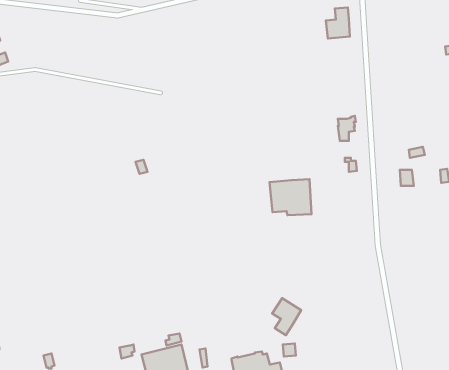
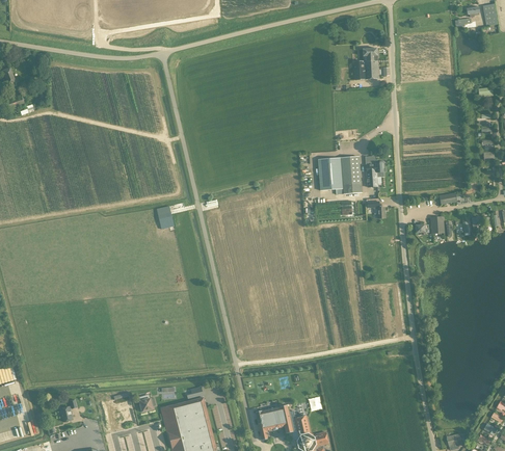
building: [269,179,311,215] -> [317,157,361,194]
building: [272,298,301,335] -> none

